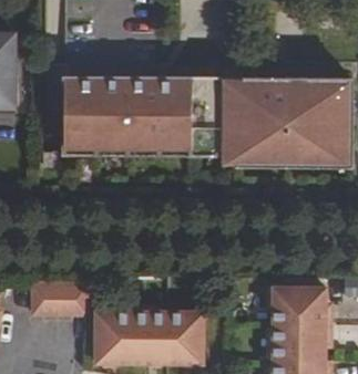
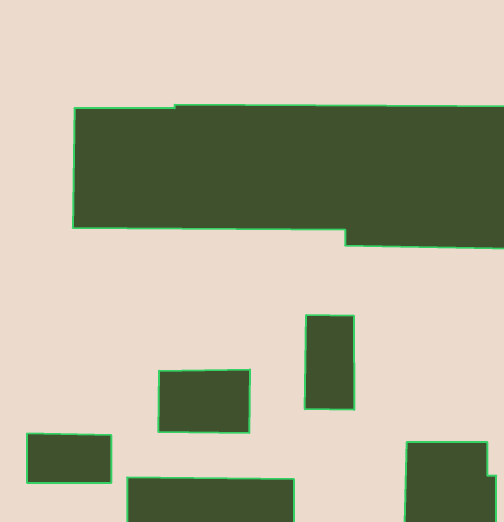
building: none -> [305,315,354,410]
building: none -> [158,369,250,433]

